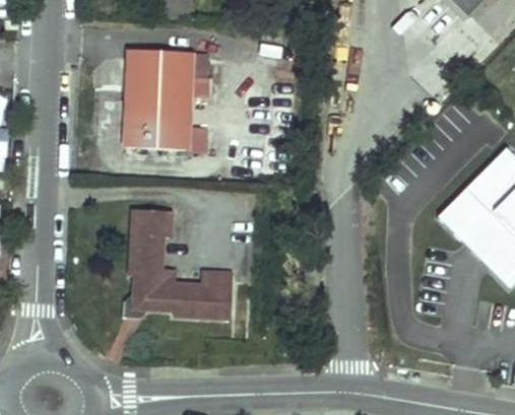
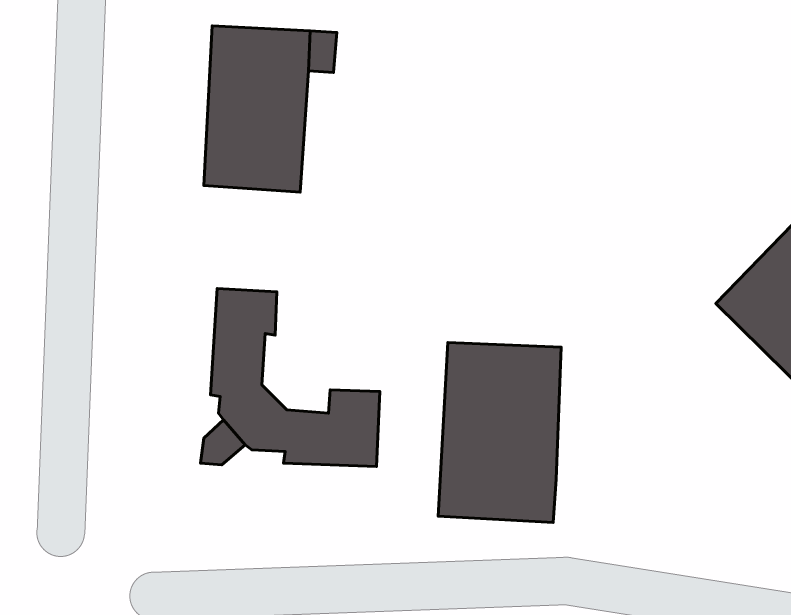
building: none -> [438,343,561,523]

